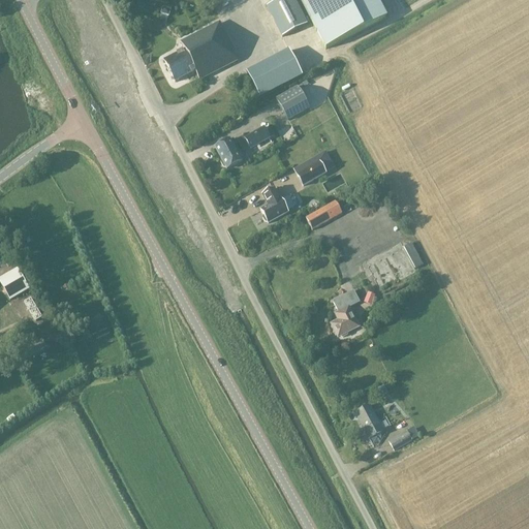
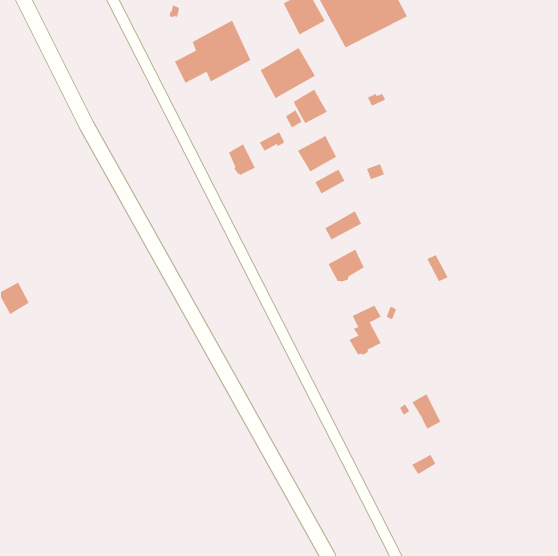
building: none -> [297,135,337,172]
building: [262,186,288,220] -> none
building: none -> [328,249,365,282]
building: [356,402,384,436] -> [412,393,441,430]

